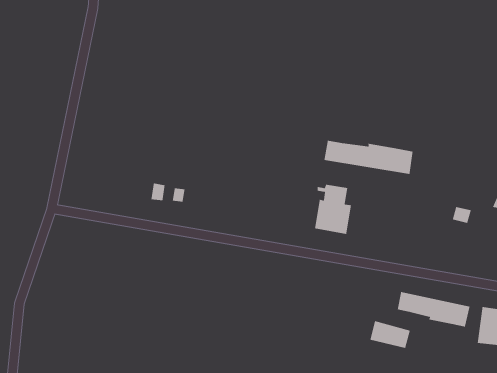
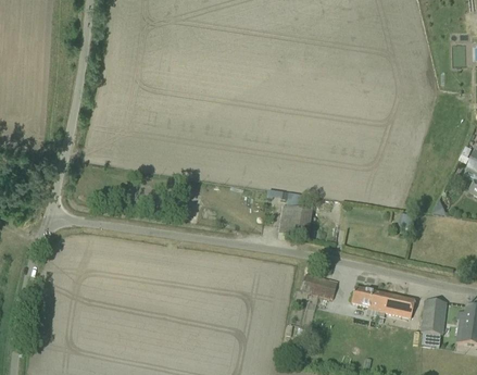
building: [324,140,413,175] -> none
building: [370,320,411,349] -> [301,273,337,298]

